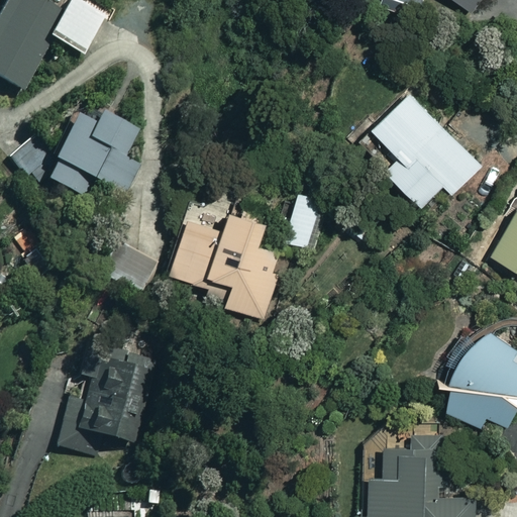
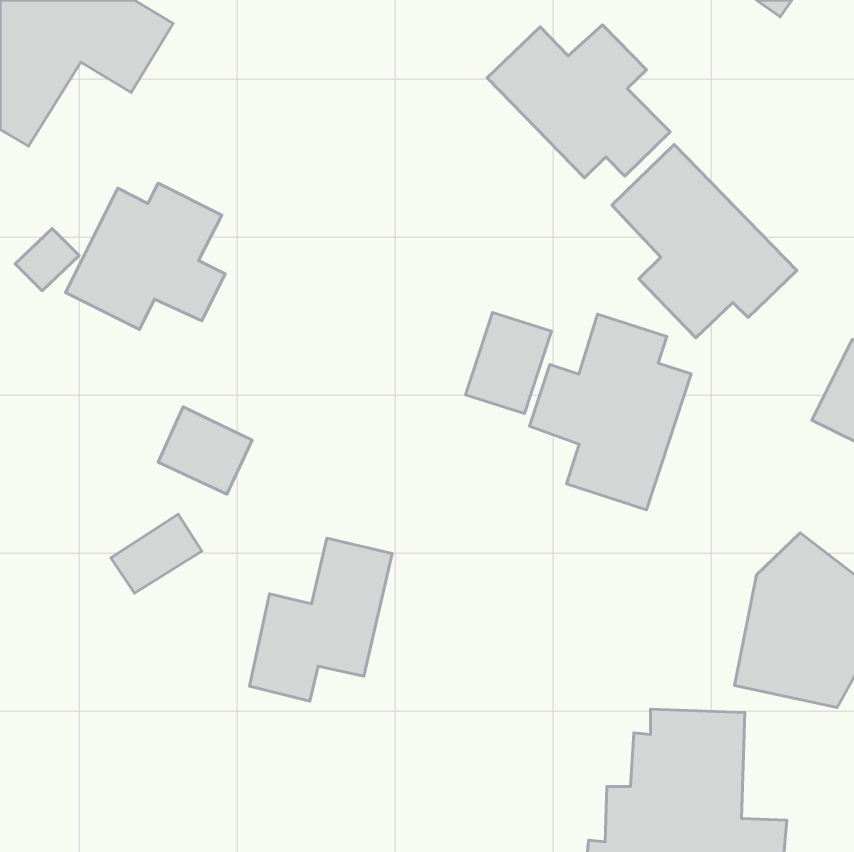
building: none -> [487,25,670,178]
building: none -> [530,314,691,510]
building: [168,206,280,319] -> none
building: [57,360,142,458] -> [249,538,392,701]

